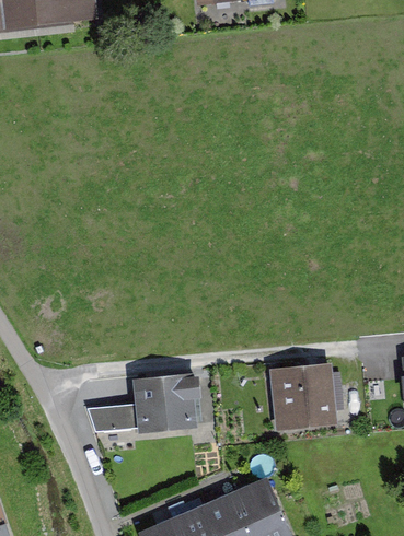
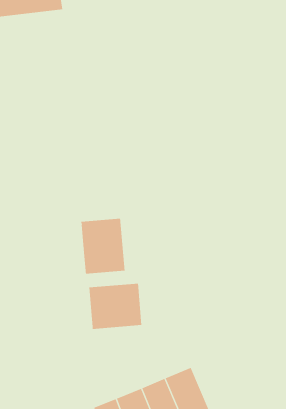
building: none -> [81,218,125,275]
building: [269,364,336,431] -> none
building: [86,403,136,431] -> none

